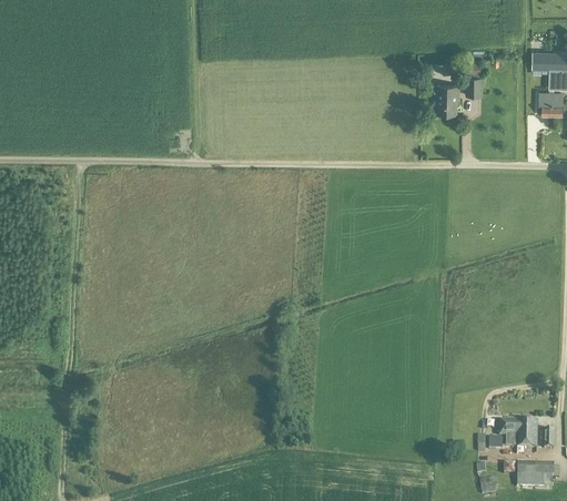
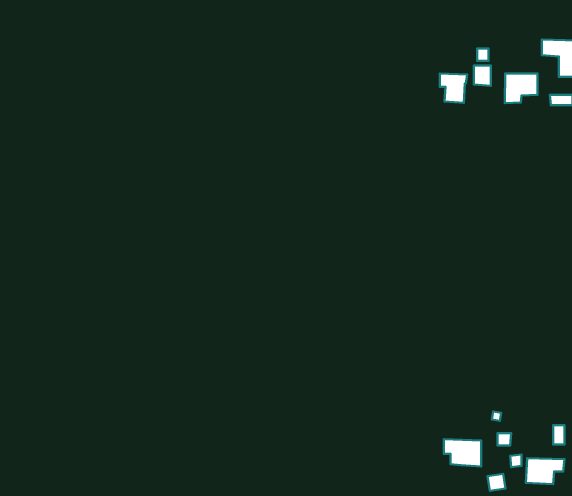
building: none -> [505,73,538,103]
building: [500,420,537,447] -> [444,439,481,466]

